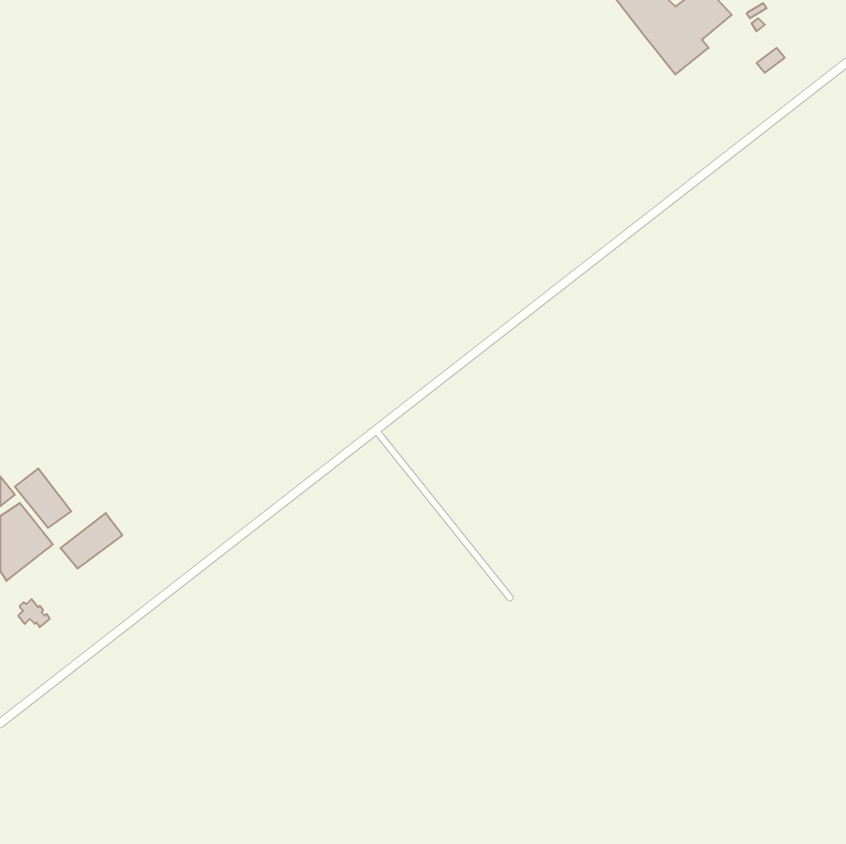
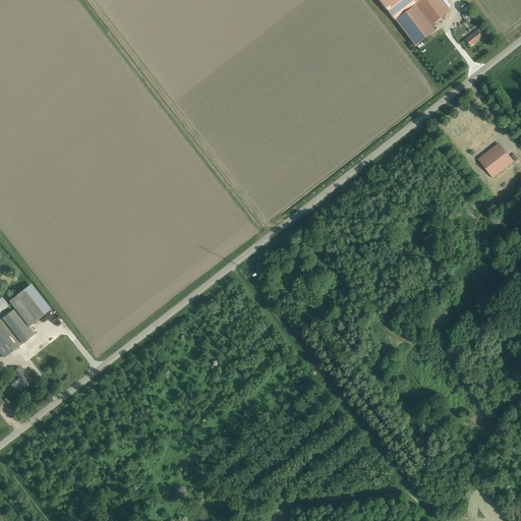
building: none -> [478,142,513,177]
building: [60,513,122,569] -> none

